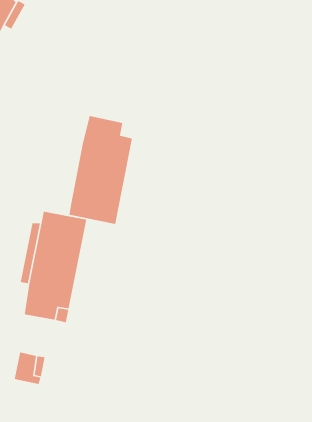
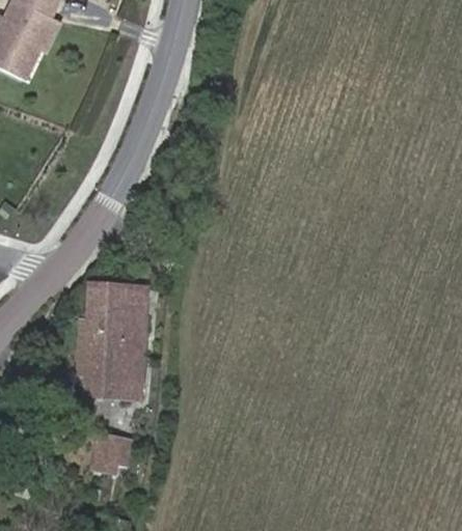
building: [68,115,133,225] -> none

